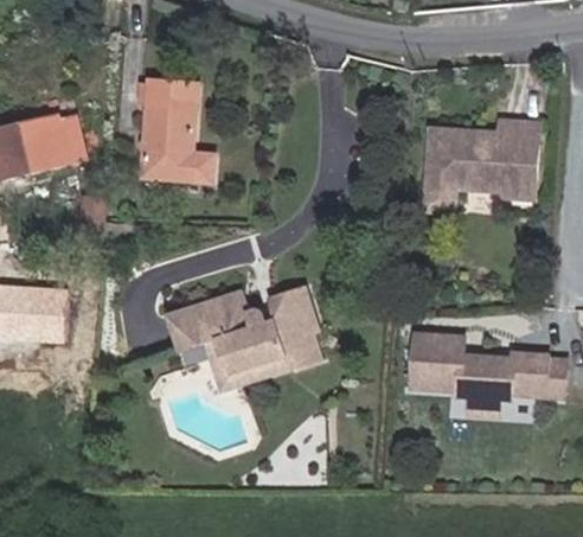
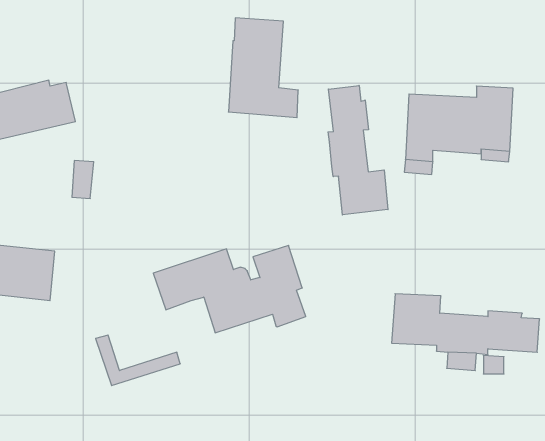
building: [141,78,213,181] -> [228,18,298,118]
building: none -> [328,85,388,215]
building: [204,338,292,390] -> [96,335,180,386]

